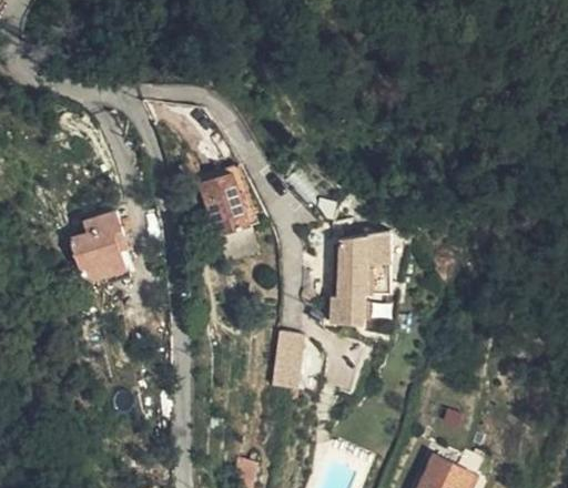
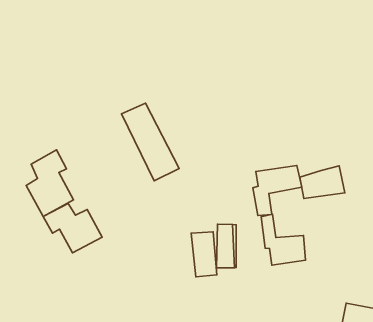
building: [349,234,403,268] -> [300,166,345,199]
building: none -> [43,204,102,253]
building: none -> [261,214,306,265]

